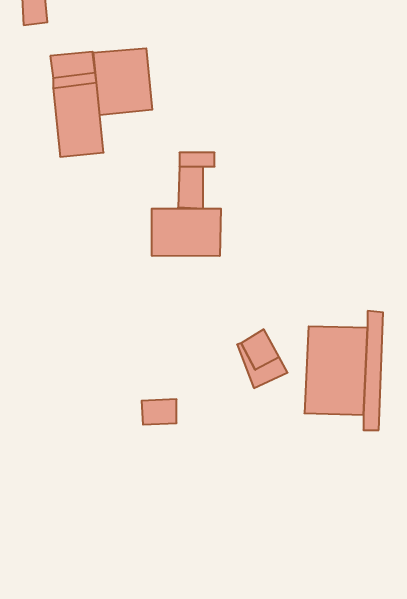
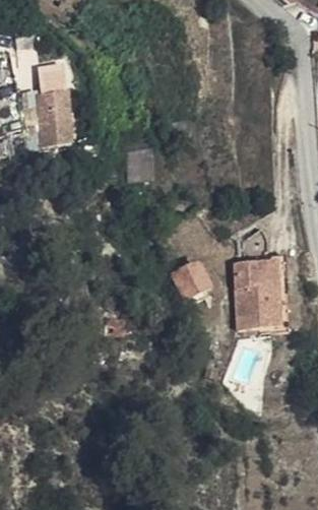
building: [94,48,152,115] -> none
building: [152,209,221,256] -> none

